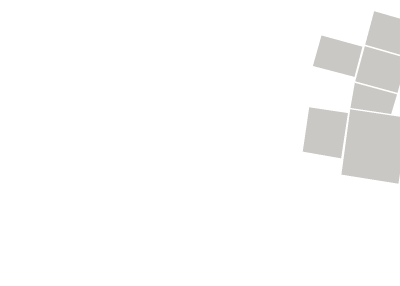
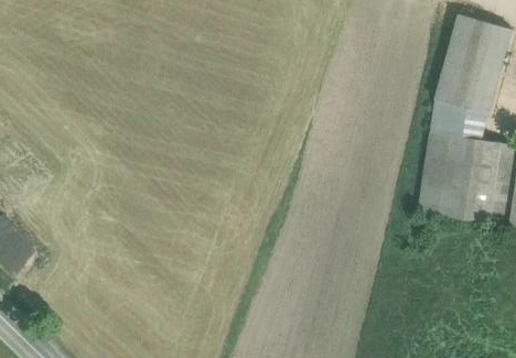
building: [312,34,364,78] -> none
building: [302,107,349,159] -> none

